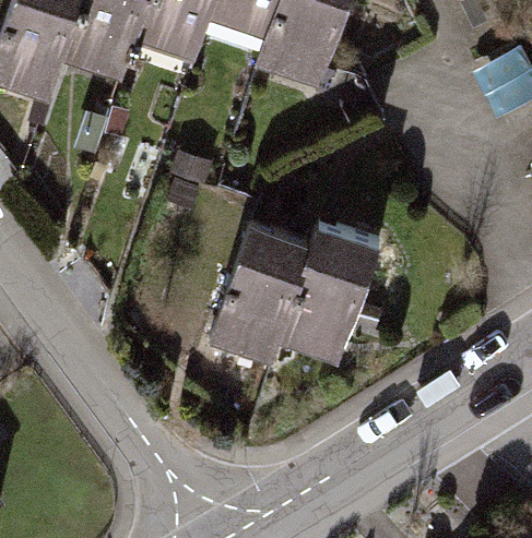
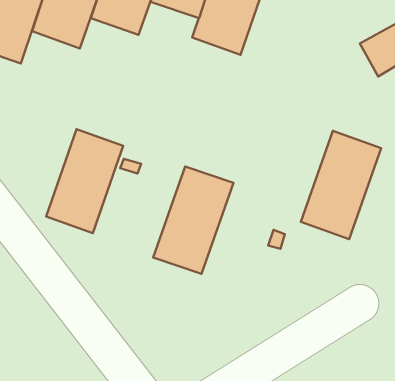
building: none -> [46,129,123,233]
building: [280,226,381,362] -> [301,131,381,239]

